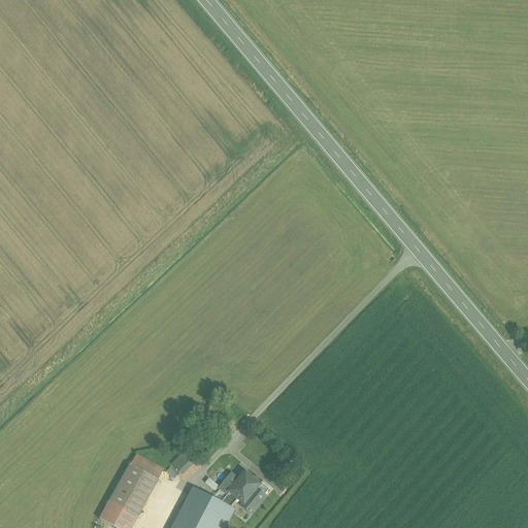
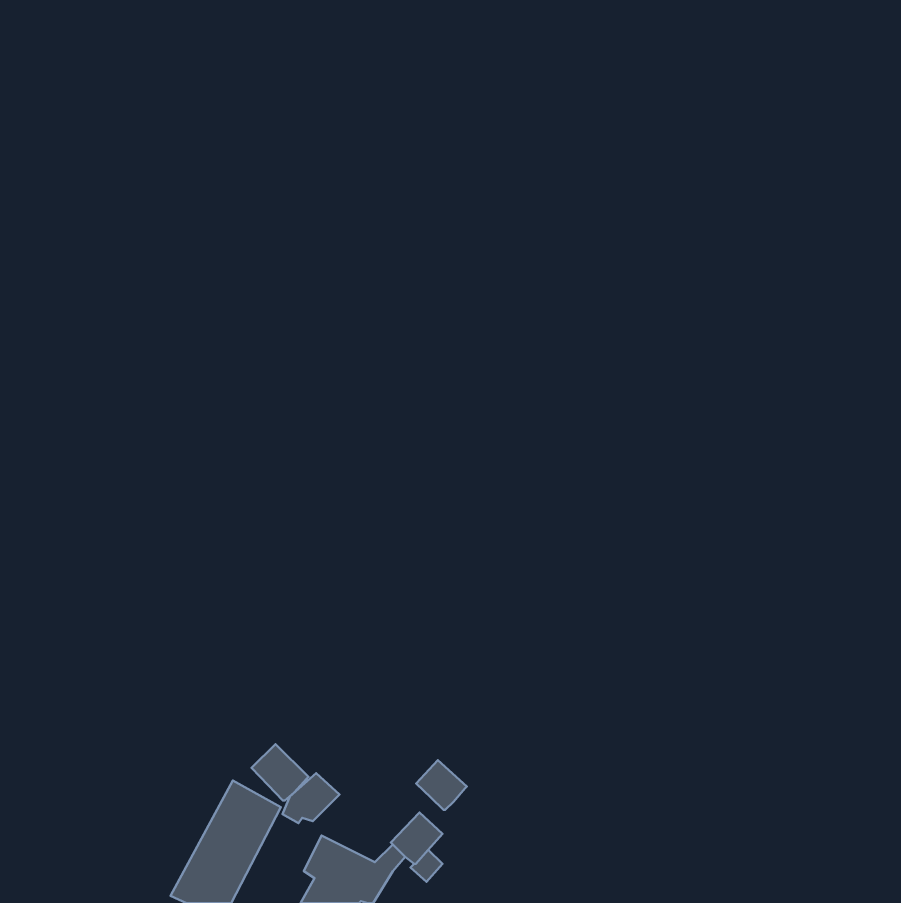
building: none -> [252,744,309,801]
building: none -> [416,760,467,810]

